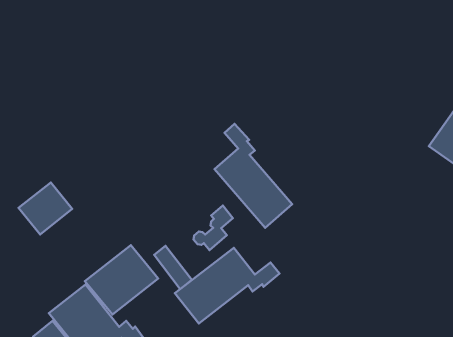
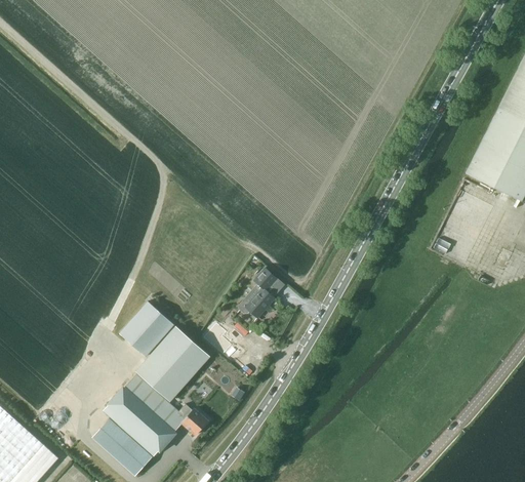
building: [214,124,292,228] -> none
building: [19,182,72,234] -> [119,302,174,357]
building: [175,248,279,323] -> none

